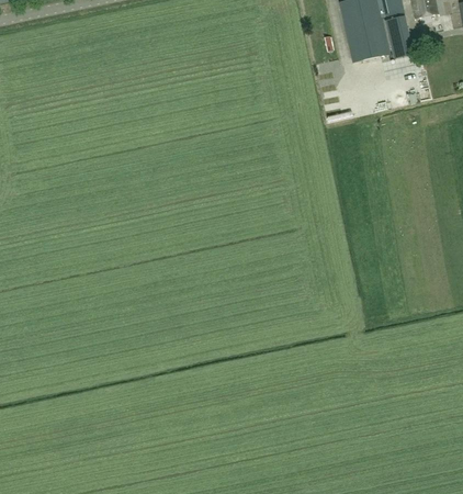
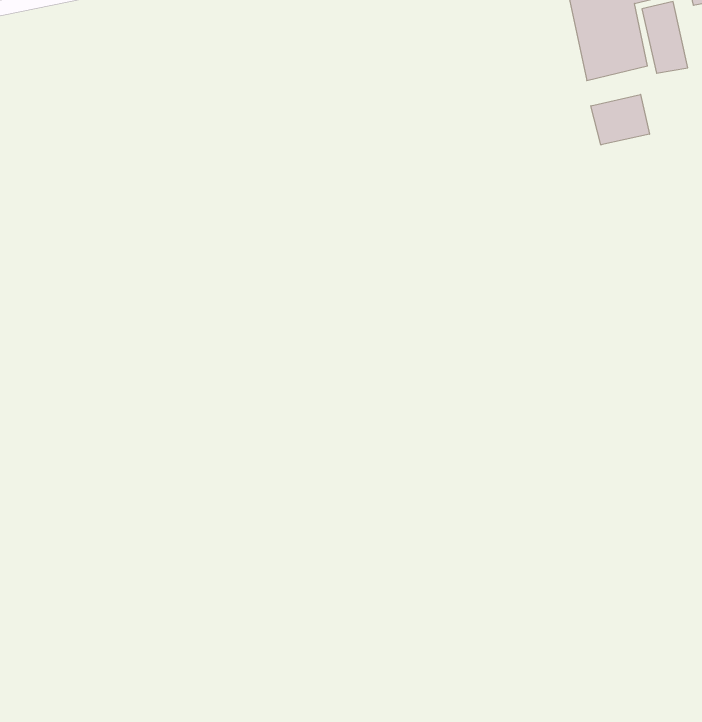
building: none -> [591,94,649,145]

